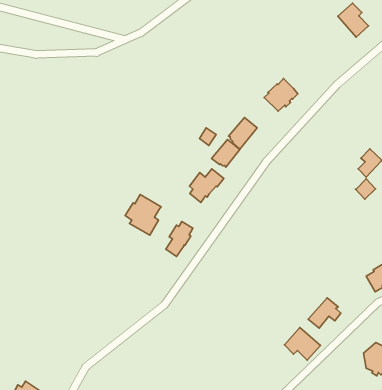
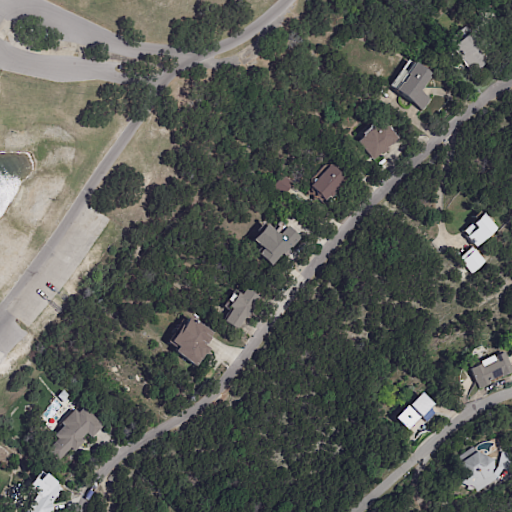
building: none -> [396,60,434,109]
building: [212,139,240,167] -> none
building: [125,194,161,235] -> [169,315,214,366]
building: none -> [47,406,104,461]
building: [284,328,320,360] -> none

